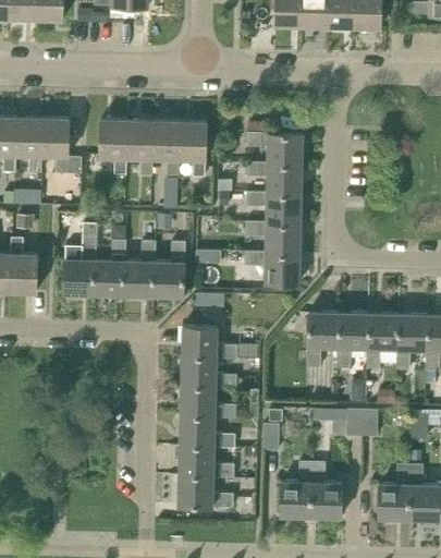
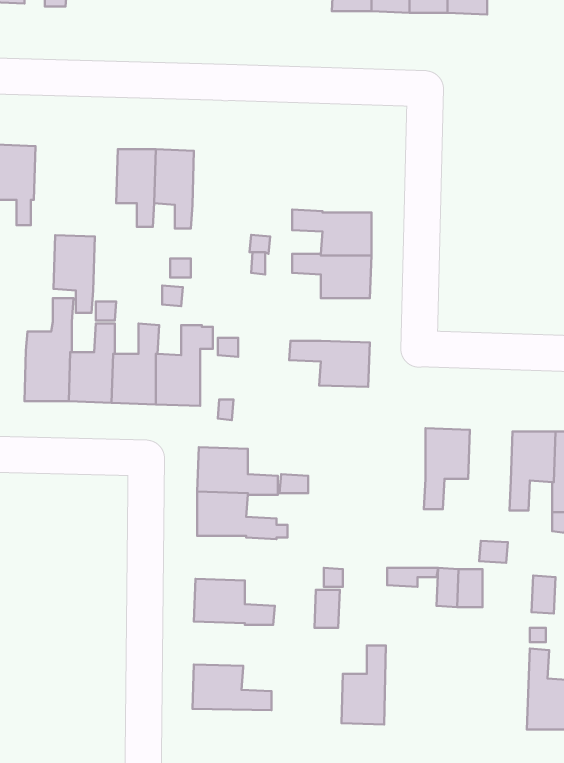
building: [99,120,127,173] -> [54,235,95,313]
building: [179,122,207,175] -> none
building: [247,123,303,165] -> none
building: [246,222,301,254] -> none
building: [307,313,339,367] -> none
building: [367,314,399,369] -> none
building: [181,387,236,418] -> none
building: [180,446,234,477] -> none
building: [310,462,341,518] -> none
building: [378,464,411,520] -> none

